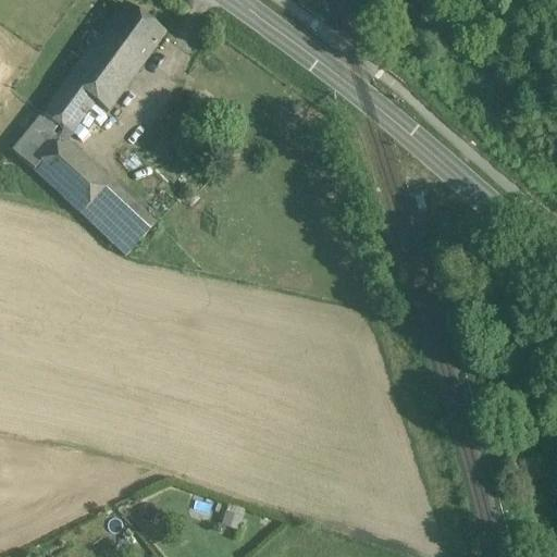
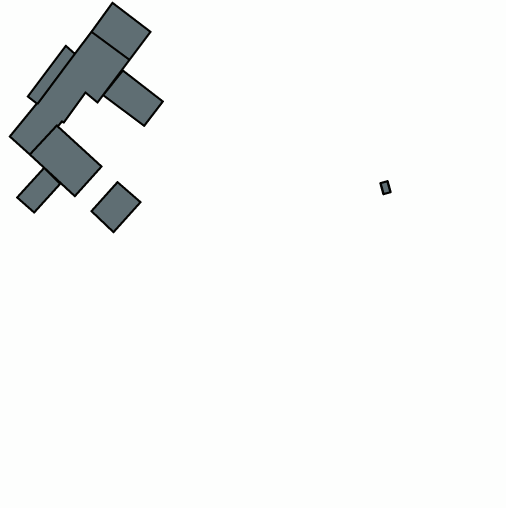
building: none -> [103,70,163,126]
building: [85,182,132,231] -> [17,168,60,213]

